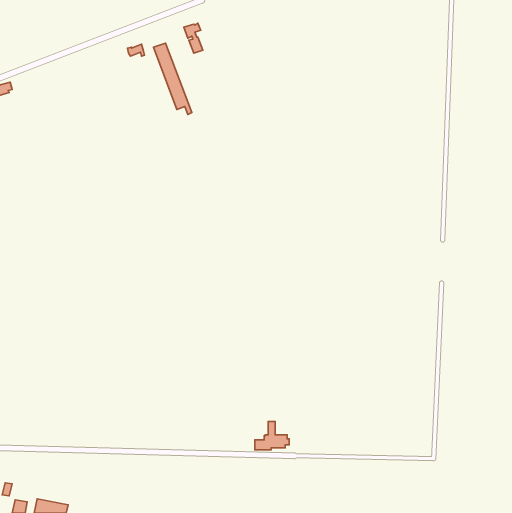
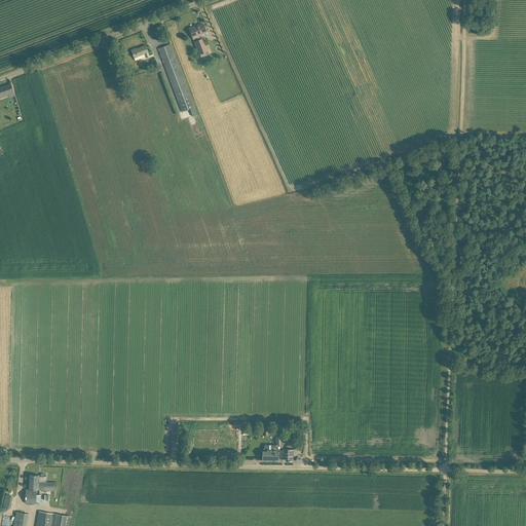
building: none -> [25,475,55,503]

